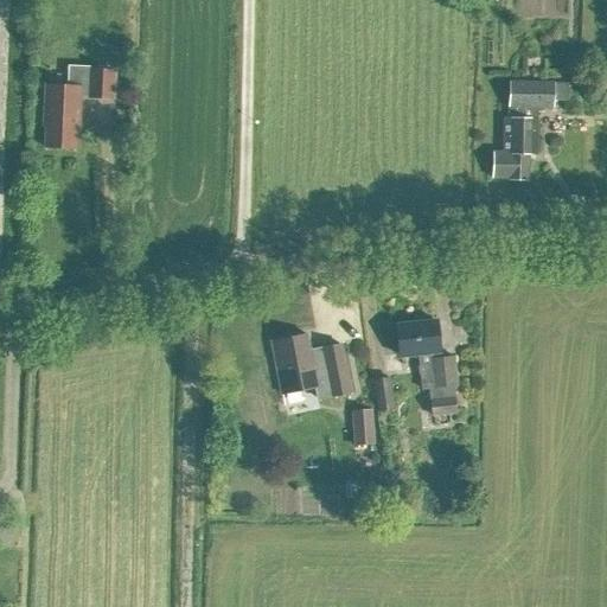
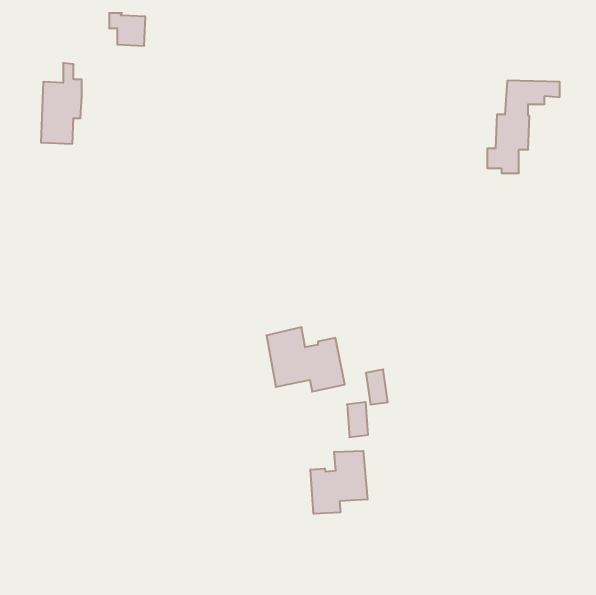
building: [76,65,113,98] -> [109,13,145,46]
building: [397,319,458,414] -> none
building: none -> [310,451,367,514]

